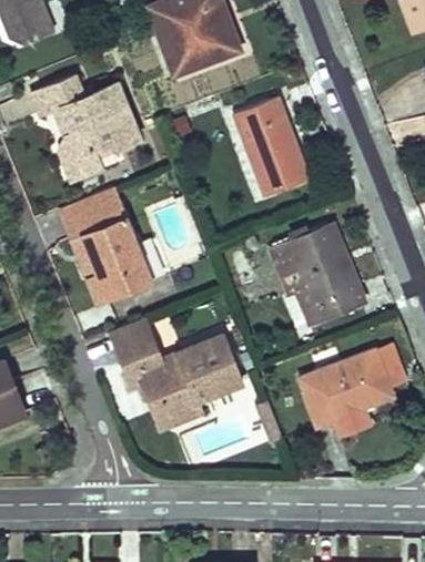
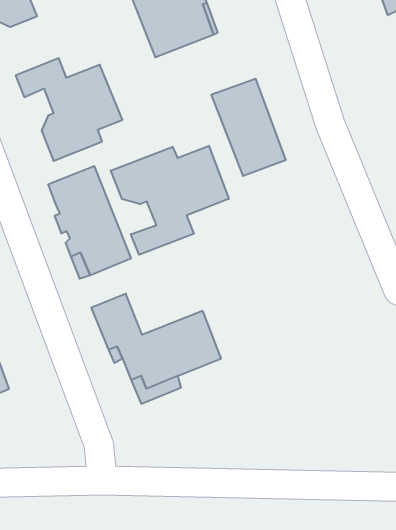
building: none -> [111,146,229,255]
building: [270,224,361,326] -> none
building: [300,349,394,426] -> none

